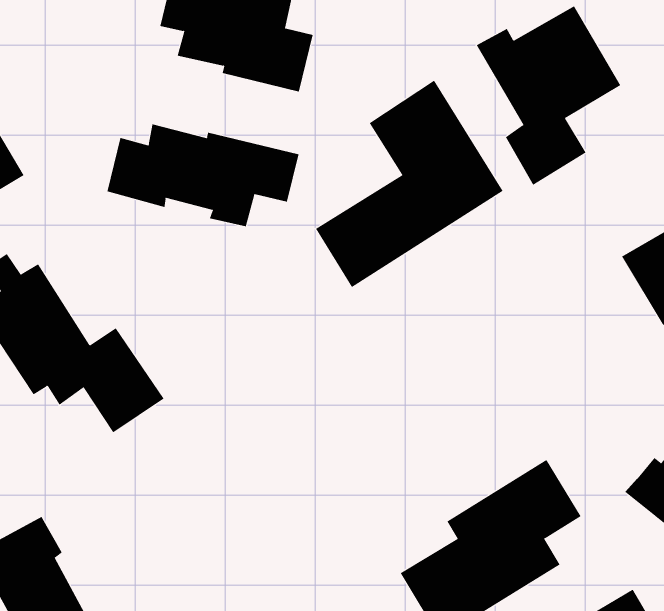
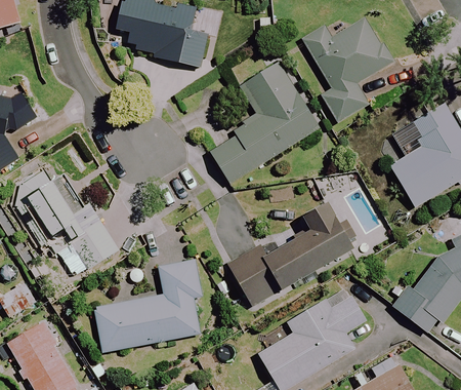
building: [107,124,299,227] -> none
building: none -> [226,204,353,309]
building: none -> [93,259,202,353]

